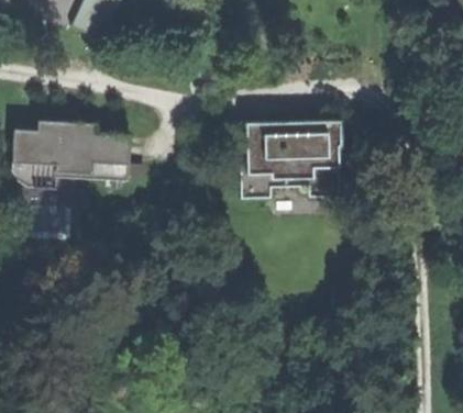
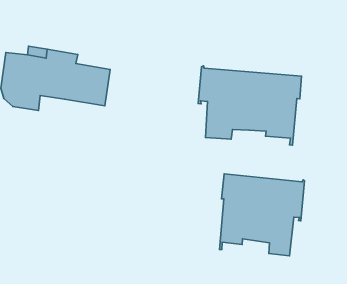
building: none -> [219,174,305,256]

